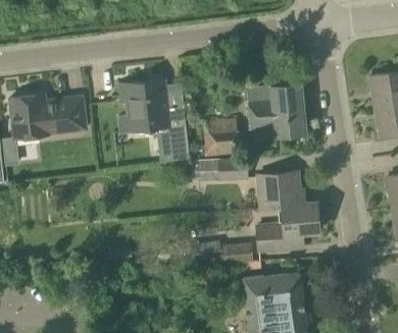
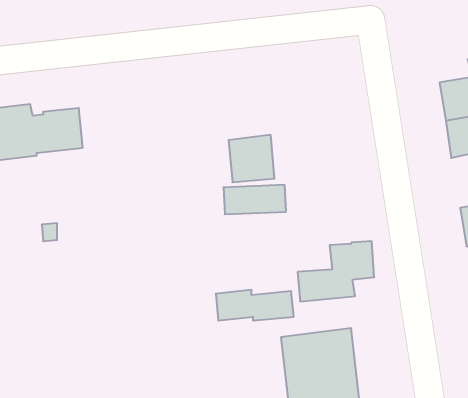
building: [118,79,190,163] -> none
building: [247,82,305,136] -> none
building: [259,173,300,208] -> none

